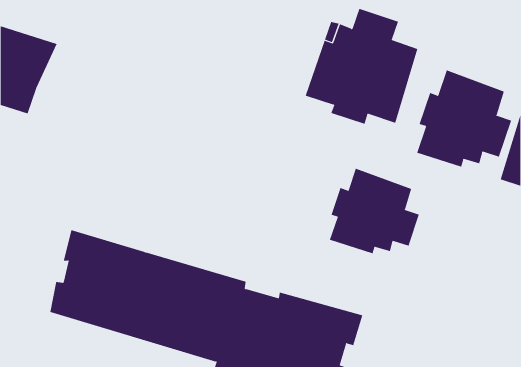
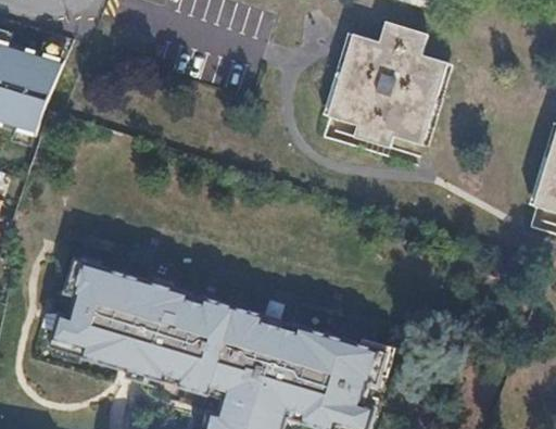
building: [416,69,512,167] -> none
building: [329,168,420,254] -> none

